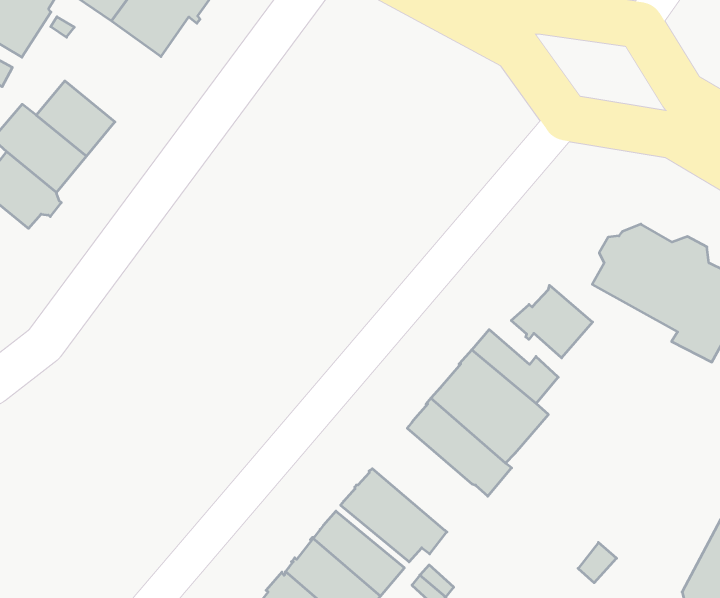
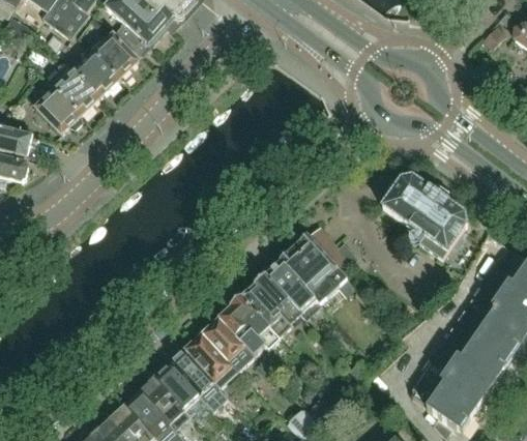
building: none -> [92,34,138,81]
building: [511,285,593,358] -> none
building: none -> [241,274,299,336]

